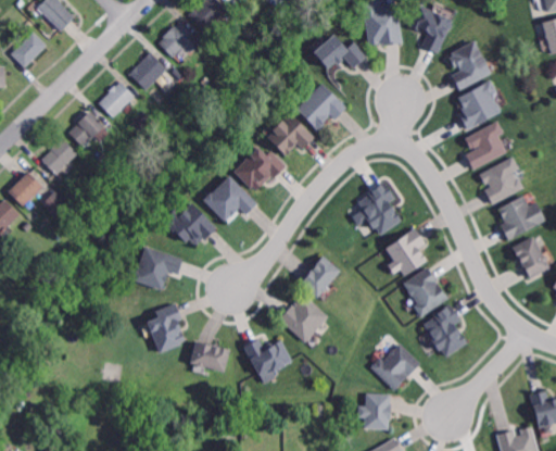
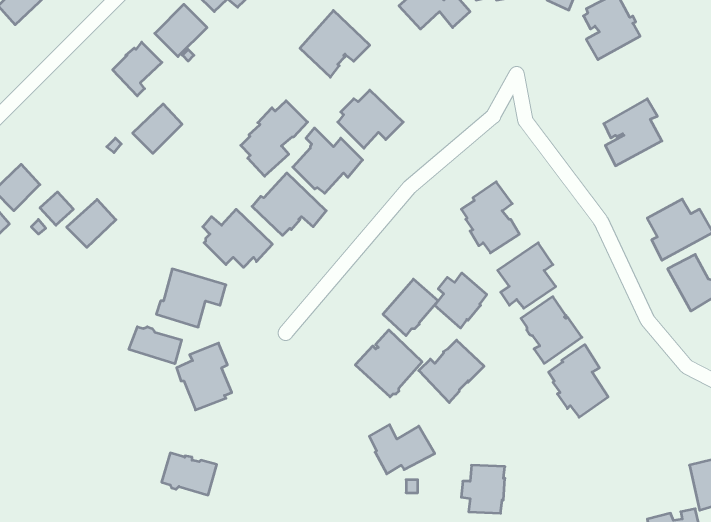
building: [456,80,501,130] -> none
building: [294,83,346,133] -> [300,10,370,77]
building: [67,109,104,146] -> [133,104,182,153]
building: none -> [241,101,308,176]
building: [40,137,77,173] -> [67,199,116,247]
building: [478,156,523,205] -> none
building: none -> [435,273,487,328]
building: none -> [129,327,182,364]
building: [243,339,292,376] -> [369,425,435,474]
building: [189,341,230,373] -> [162,453,217,495]
building: [370,344,419,391] -> [419,340,484,403]

